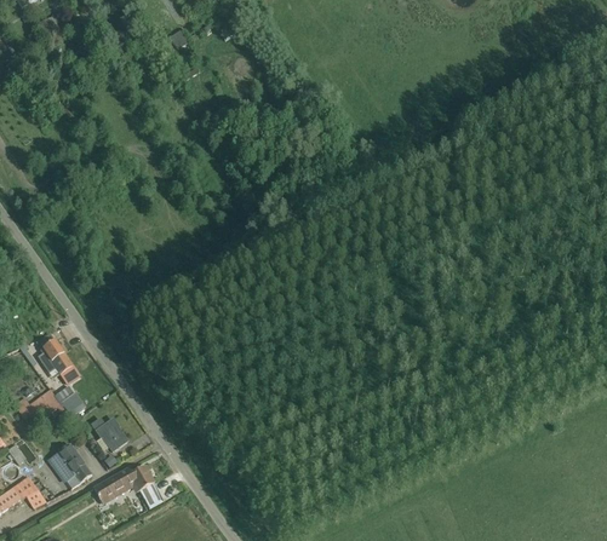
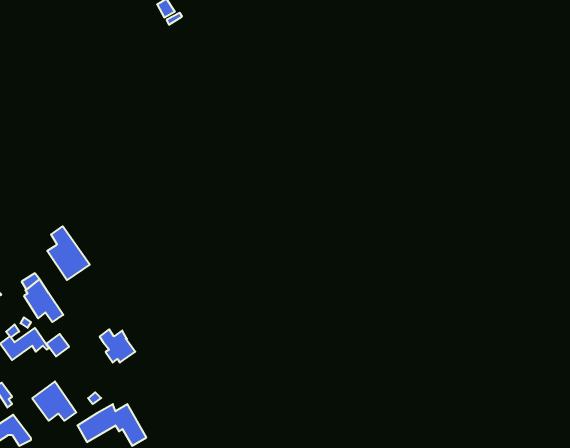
building: none -> [47,226,90,280]
building: [91,416,127,450] -> [100,329,135,363]

